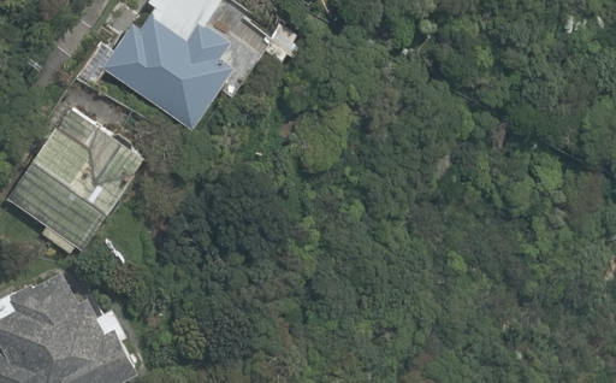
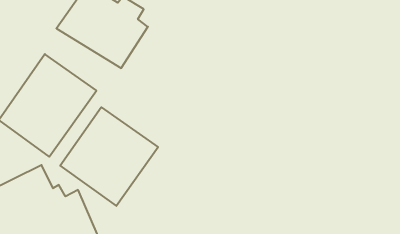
building: none -> [60,107,158,206]

